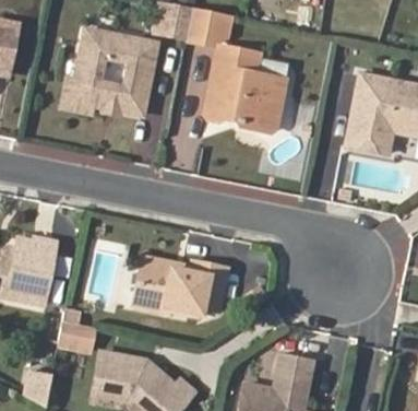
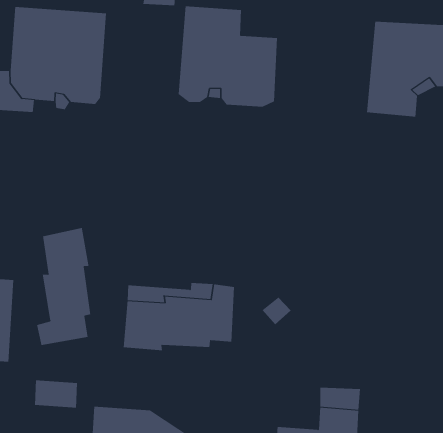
building: none -> [37,227,91,346]

